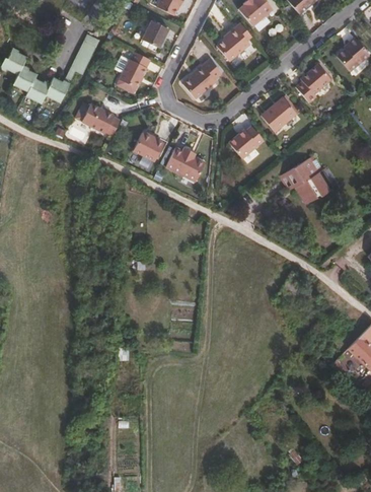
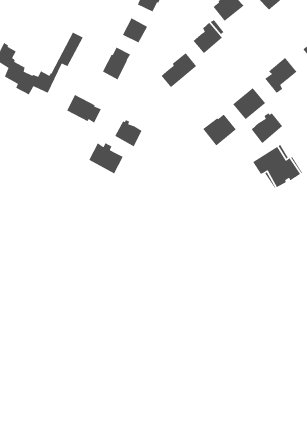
building: none -> [251,112,283,144]
building: [166,145,205,180] -> [88,142,124,174]

